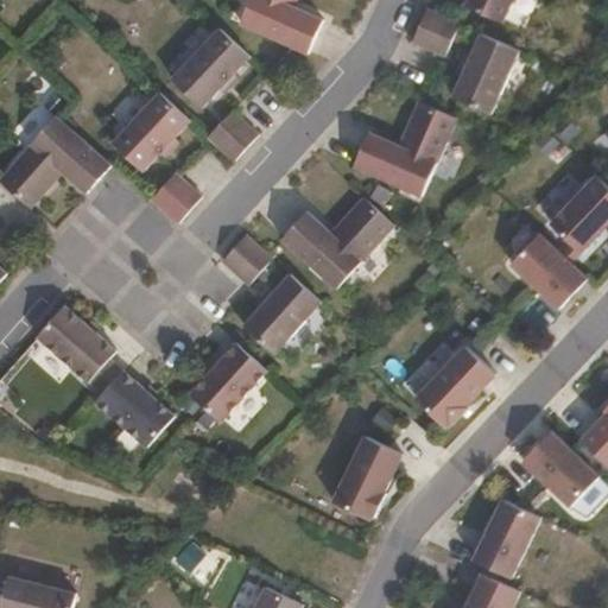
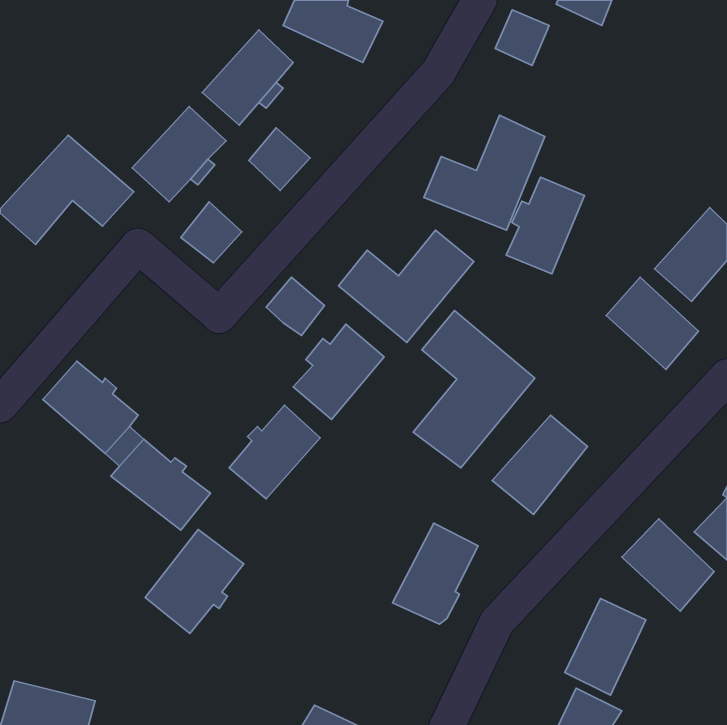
building: [454,31,519,112] -> [506,177,584,274]
building: none -> [413,310,535,468]
building: none -> [145,530,244,633]

